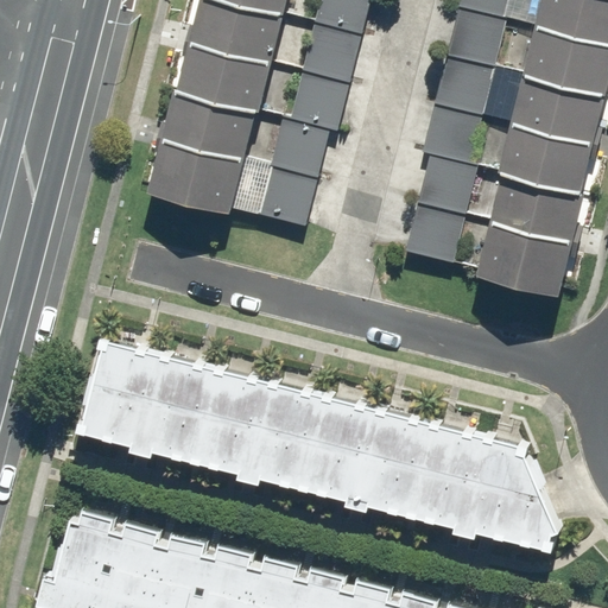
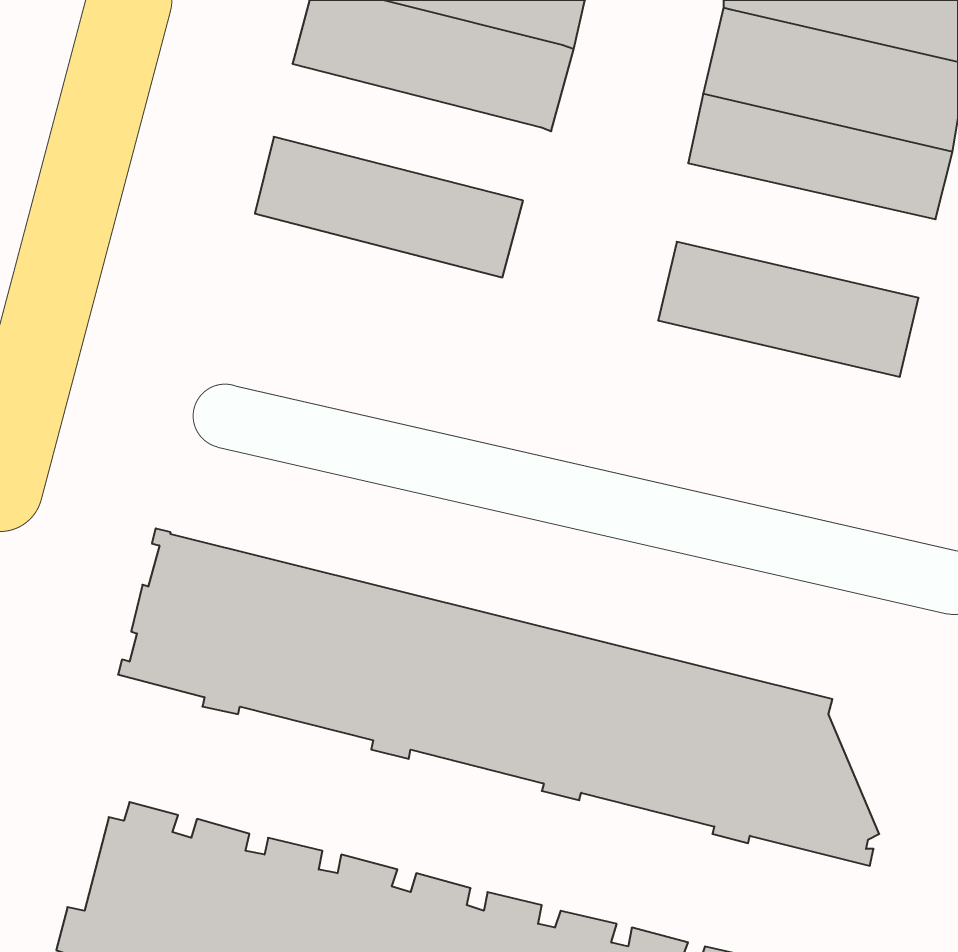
building: [173,44,349,133] -> none
building: [424,107,593,192] -> none
building: [147,139,318,233] -> none
building: [407,207,570,297] -> none

